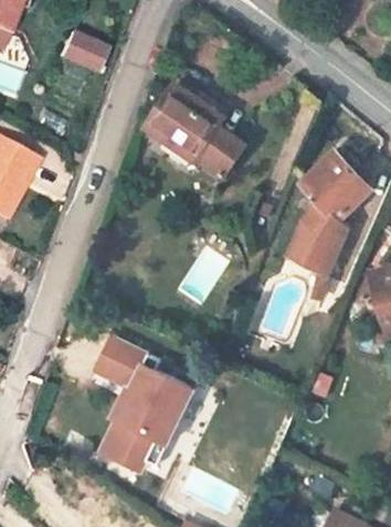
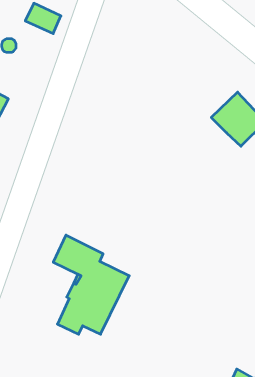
building: [145,85,244,176] -> none
building: [287,203,347,275] -> none

